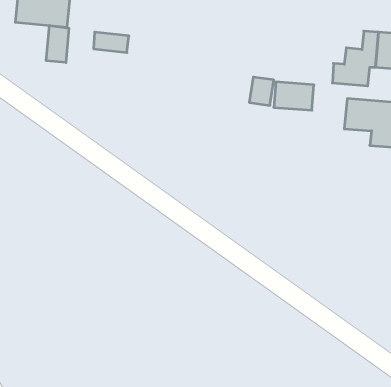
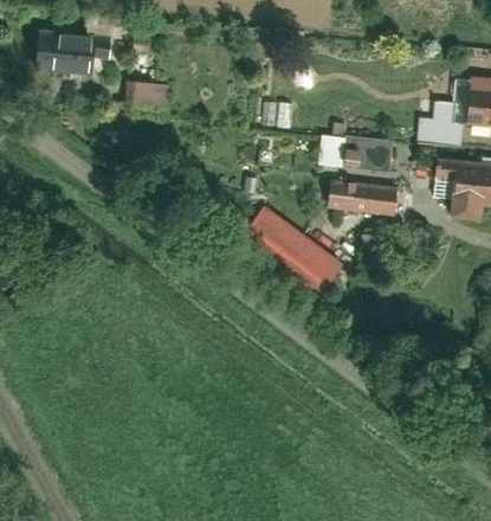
building: [46,25,69,63] -> none
building: none -> [332,181,402,217]
building: none -> [243,206,344,297]

